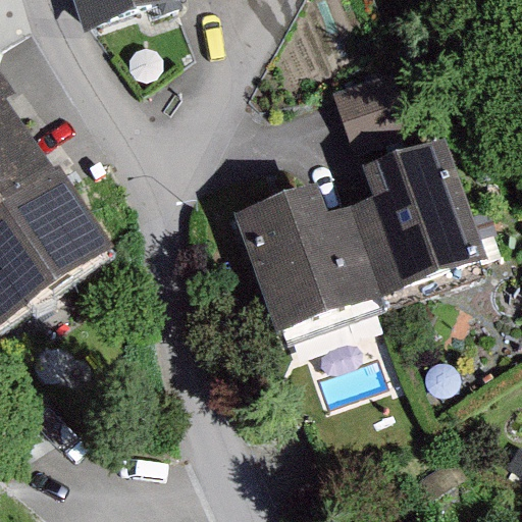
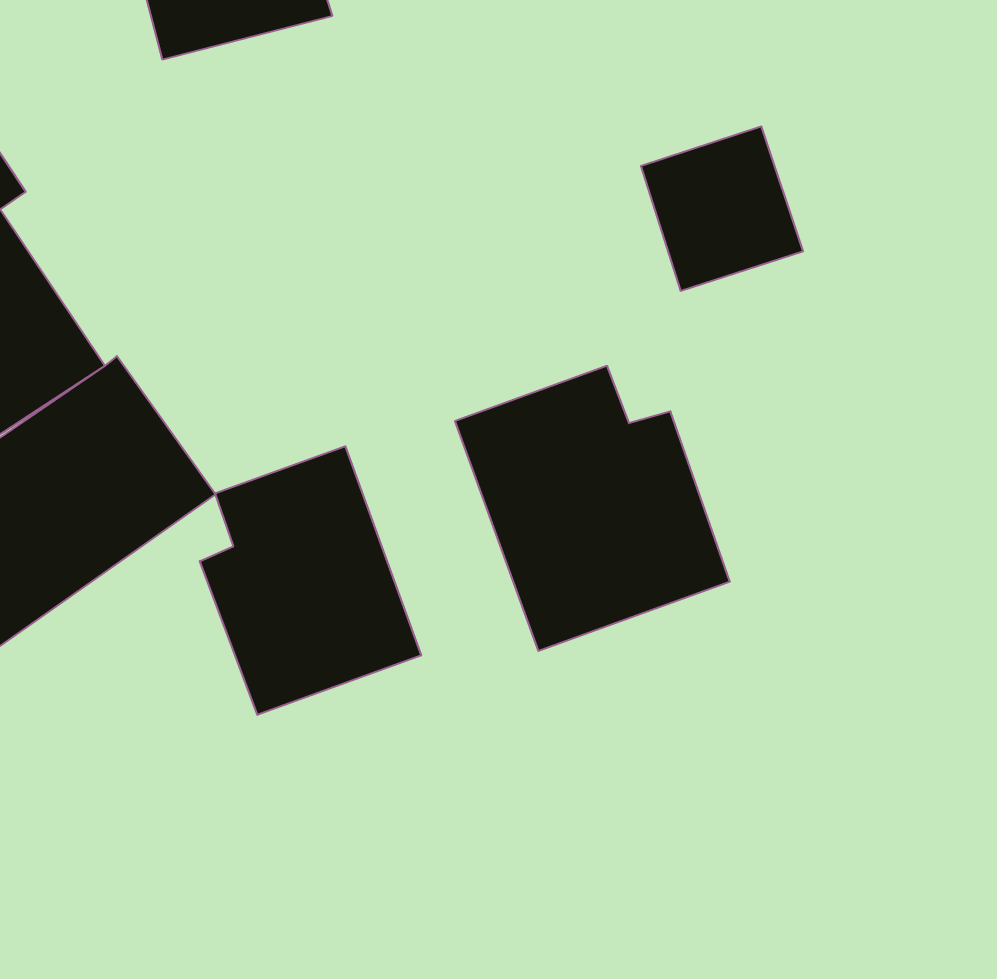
building: [346,145,484,300] -> none
building: none -> [200,446,421,715]

